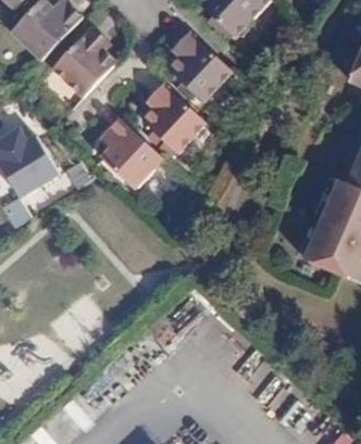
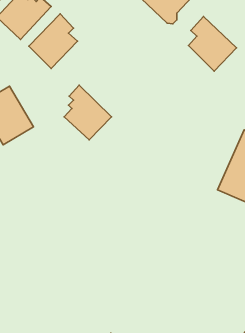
building: [169,30,232,102] -> [188,16,236,71]
building: [141,81,207,153] -> none

